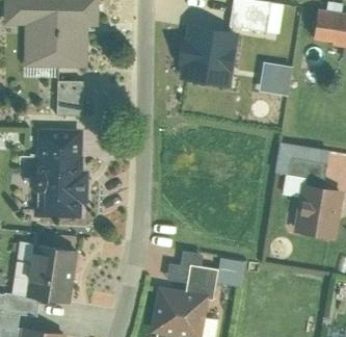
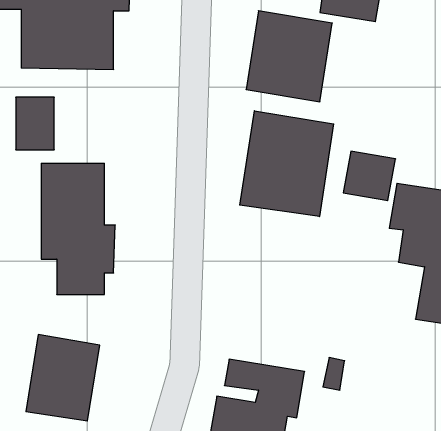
building: [257,63,292,97] -> [343,151,396,201]
building: [59,80,85,115] -> [16,97,54,150]
building: none -> [240,111,334,217]

